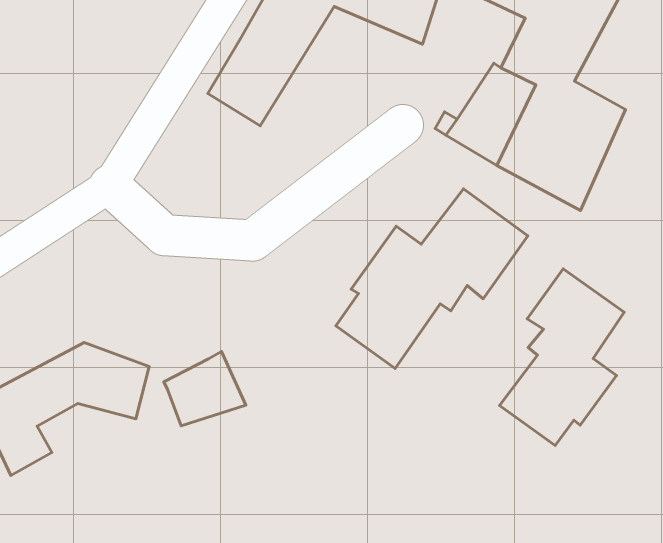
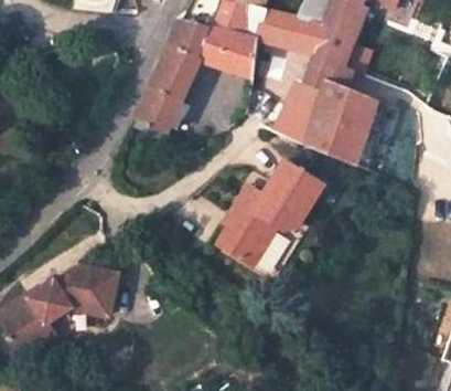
building: [500,269,624,446] -> none
building: [164,351,246,426] -> none

